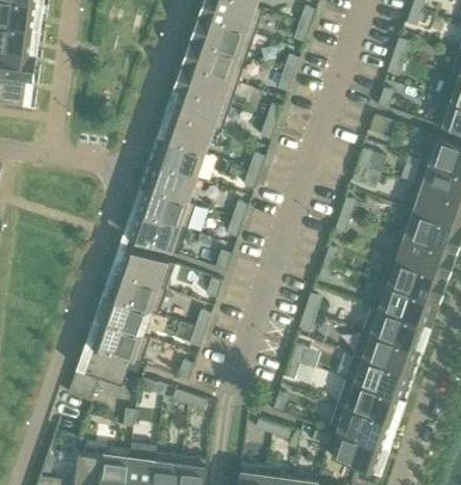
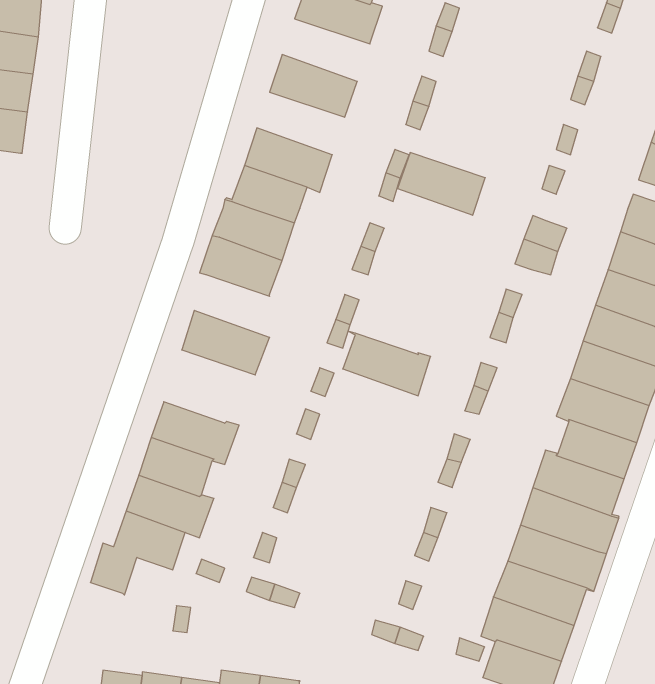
building: [196,16,254,57] -> none
building: [179,65,238,106] -> [397,153,485,215]
building: [137,185,196,228] -> [343,331,431,396]
building: [117,246,168,286] -> none

